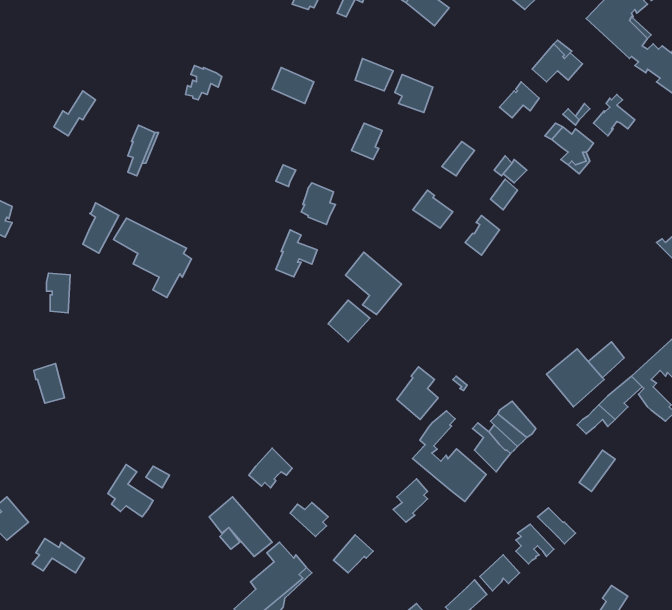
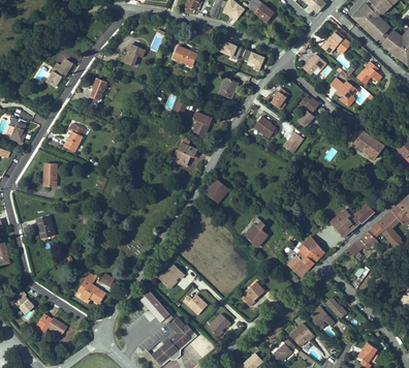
building: none -> [350,130,384,158]
building: [114,218,192,297] -> none
building: [345,252,402,314] -> none
building: [413,411,486,502] -> none

